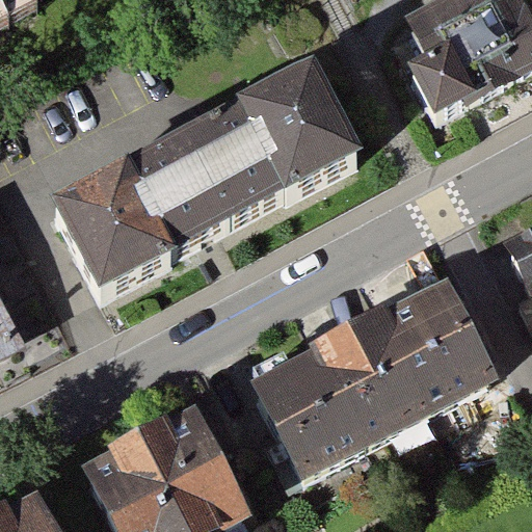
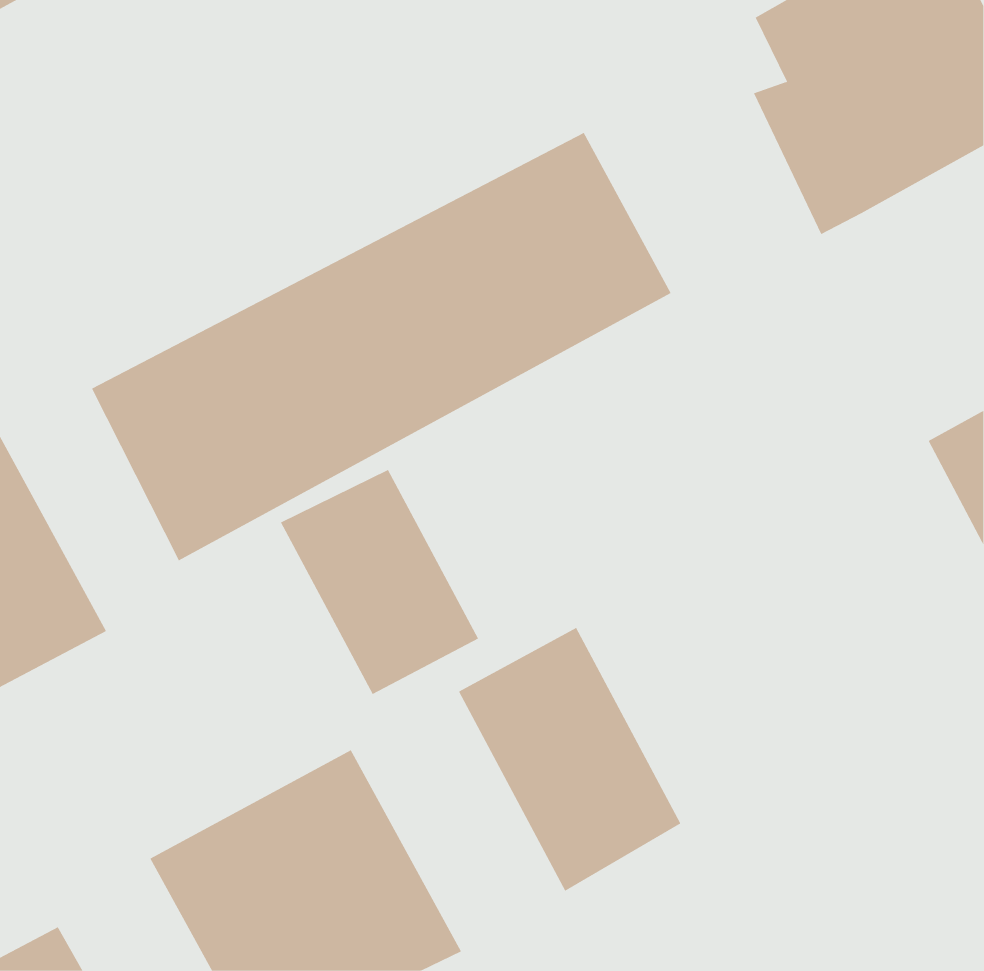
building: none -> [280,469,479,695]
building: [309,262,502,441] -> none

